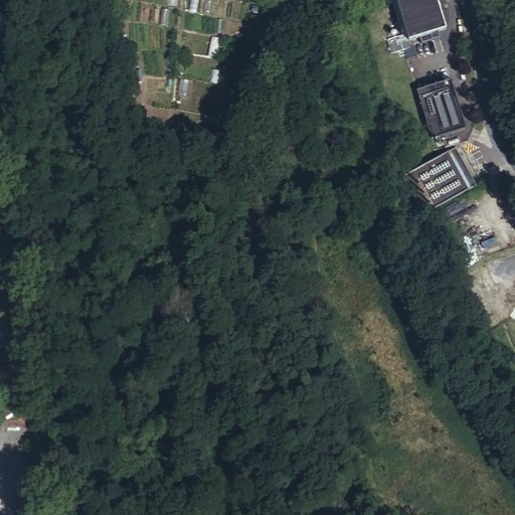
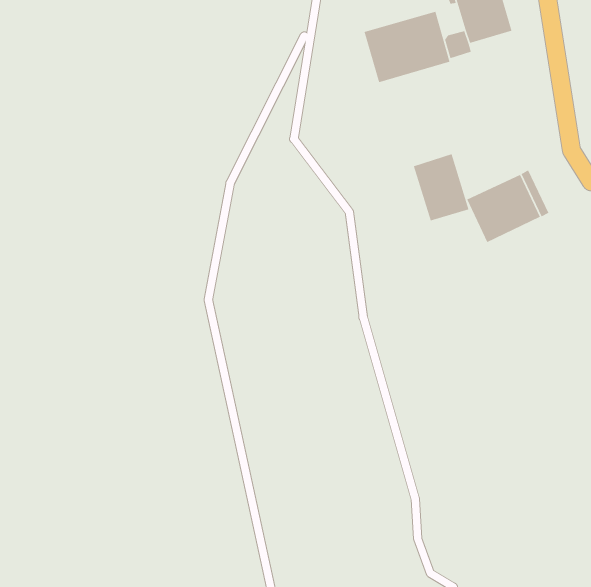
building: none -> [364,10,451,83]
building: [417,76,467,136] -> [413,153,469,221]

